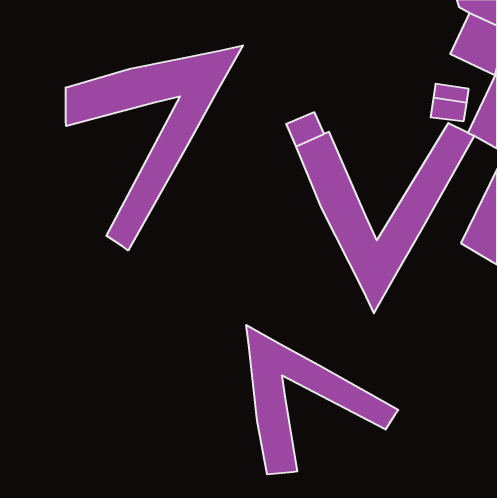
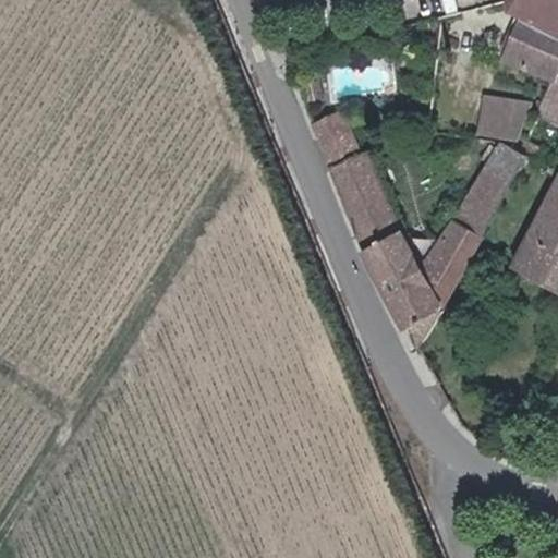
building: [66,45,243,250] -> none
building: [246,325,398,474] -> none

